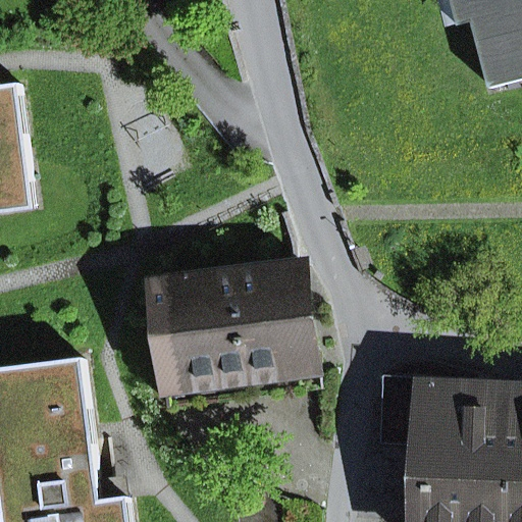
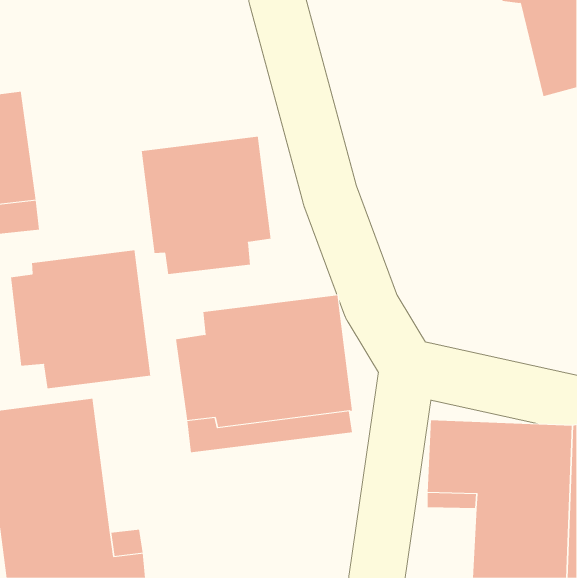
building: none -> [141,136,271,275]
building: none -> [10,249,151,389]

